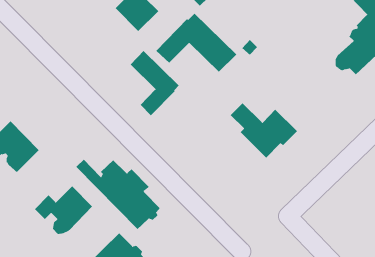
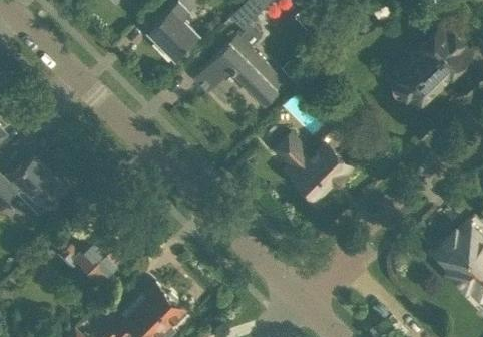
building: [130,50,180,116] -> none
building: [75,159,160,230] -> none

